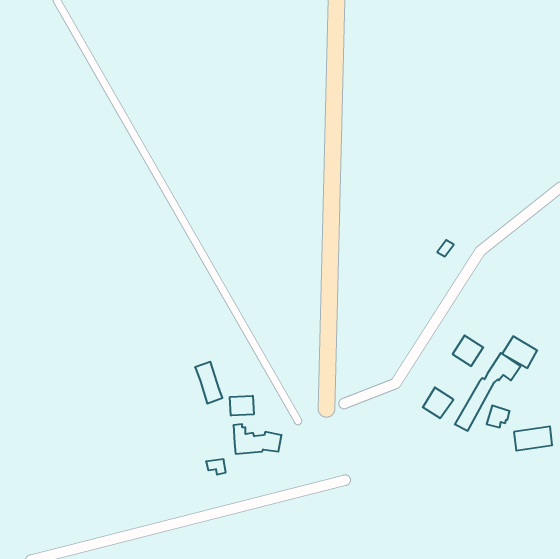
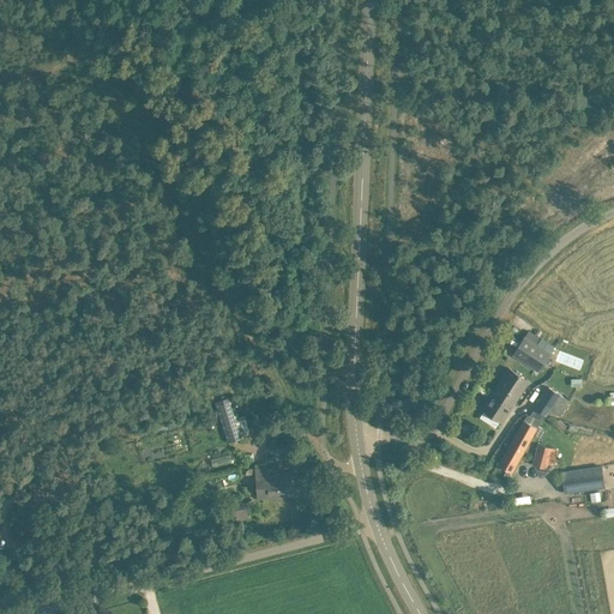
building: [502,336,537,368] -> [512,338,550,373]
building: [423,387,453,418] -> [482,389,516,422]
building: [230,396,254,416] -> none

